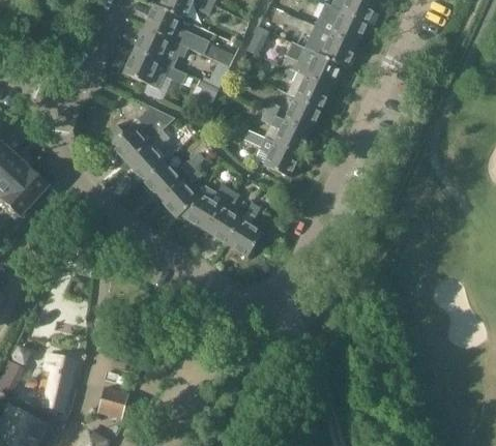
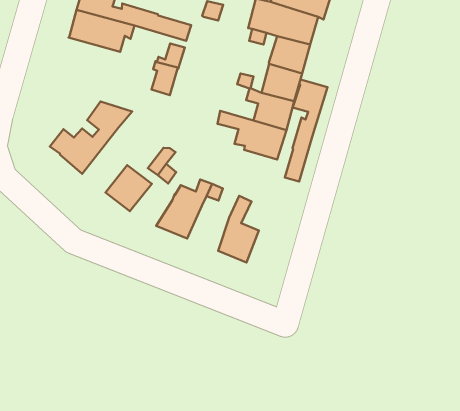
building: [124,48,187,87] -> none
building: none -> [285,79,328,182]
building: [126,128,173,180] -> none
building: [161,179,197,217] -> none
building: [204,204,241,243] -> none

